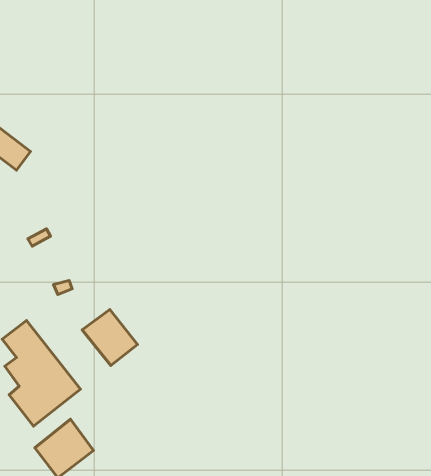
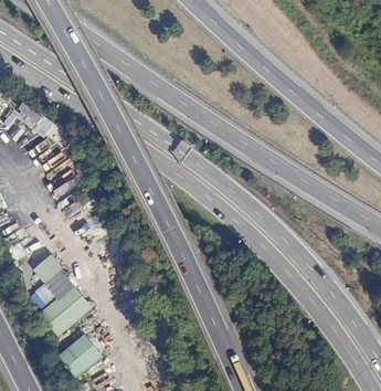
building: [82,309,137,365] -> none

